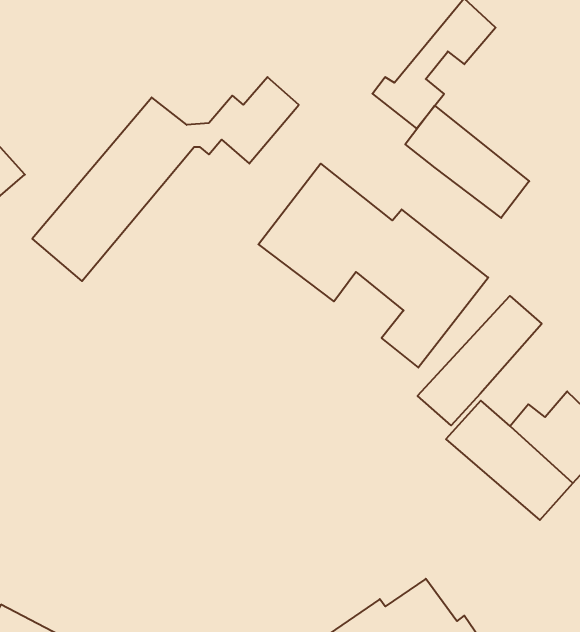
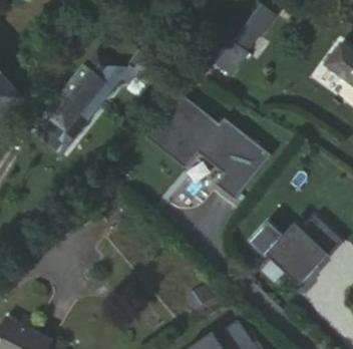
building: [405,106,529,218] -> none
building: [418,296,542,425] -> none

